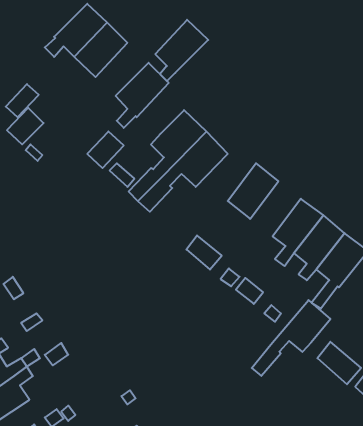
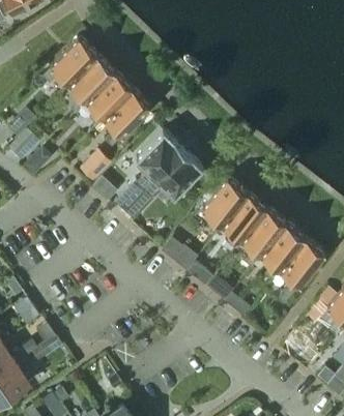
building: [155,20,208,81] -> [86,72,133,126]
building: none -> [222,194,266,249]
building: [252,300,330,376] -> none

